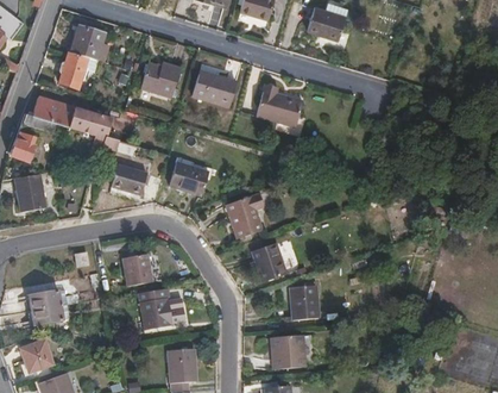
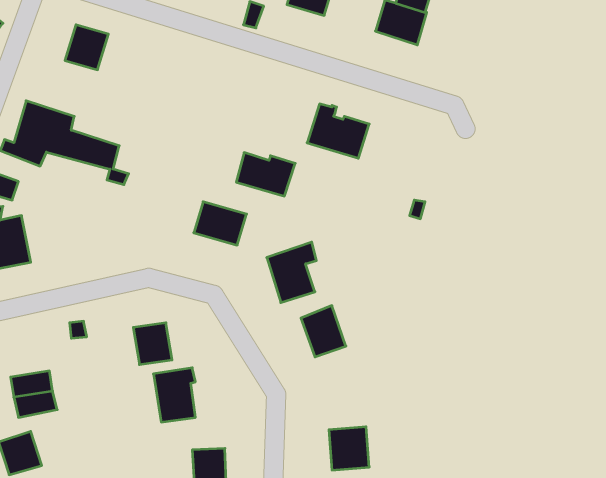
building: [58,54,87,89] -> none
building: [139,63,181,99] -> none
building: [194,74,239,107] -> [236,153,295,196]
building: [111,164,146,194] -> none
building: [290,285,317,319] -> none

